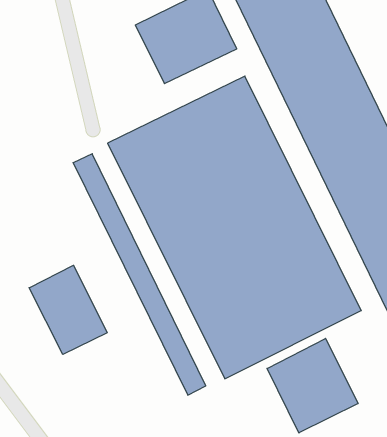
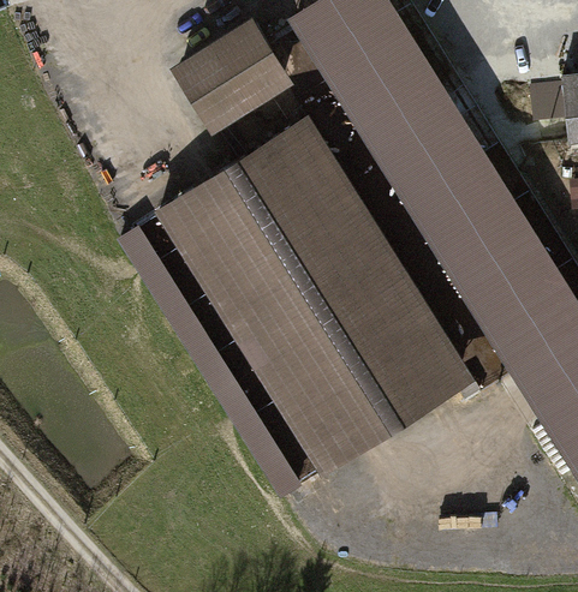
building: [29,265,107,354] -> none
building: [267,338,358,433] -> none

